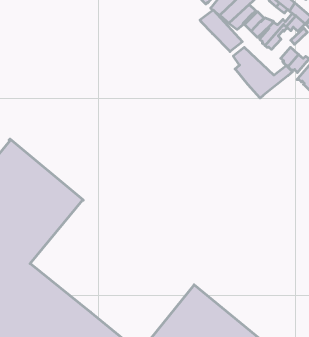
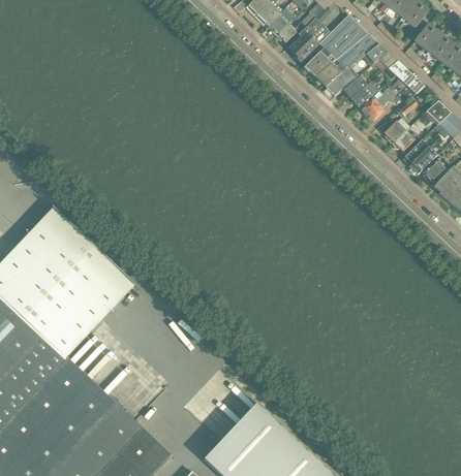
building: [200,10,242,52] -> none
building: [233,47,292,98] -> none

